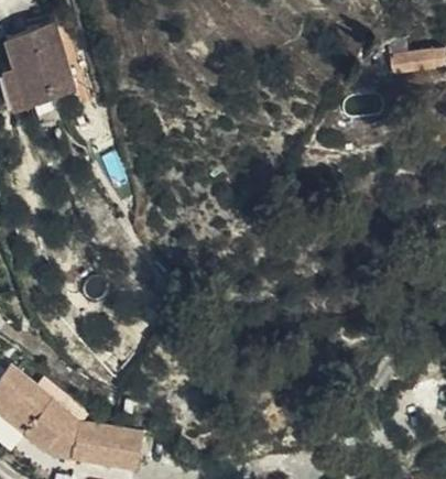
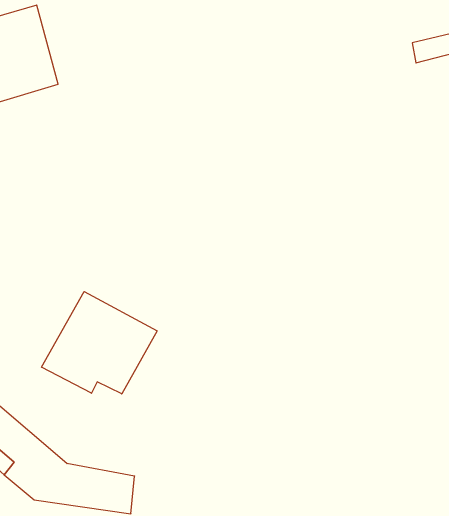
building: none -> [42,292,157,394]

